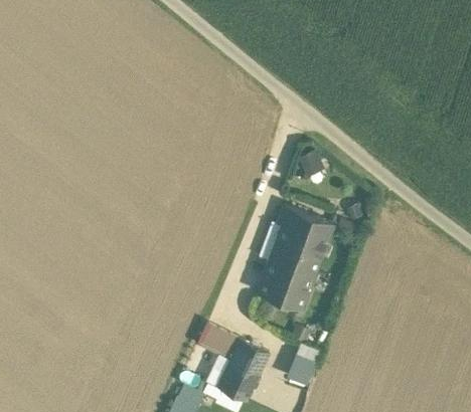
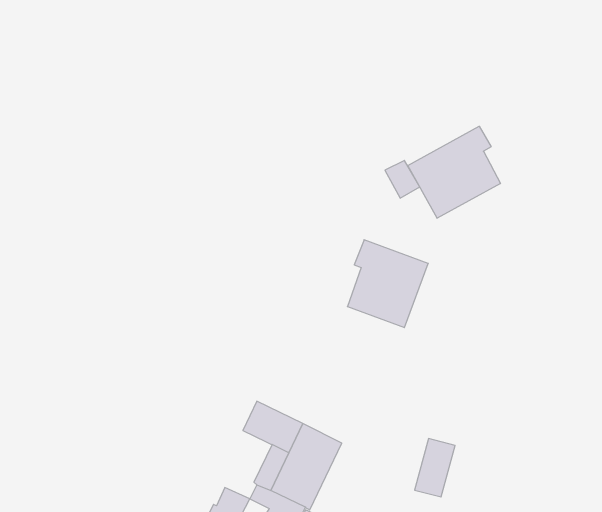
building: none -> [408,126,500,218]
building: [259,257,315,313] -> none
building: [287,346,316,388] -> [415,439,455,497]

